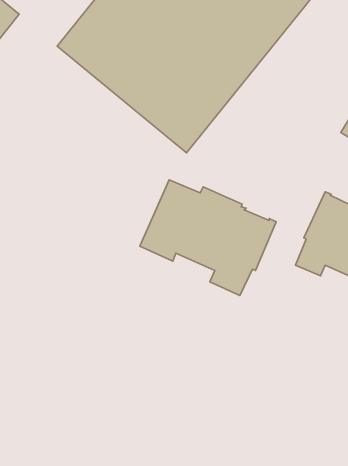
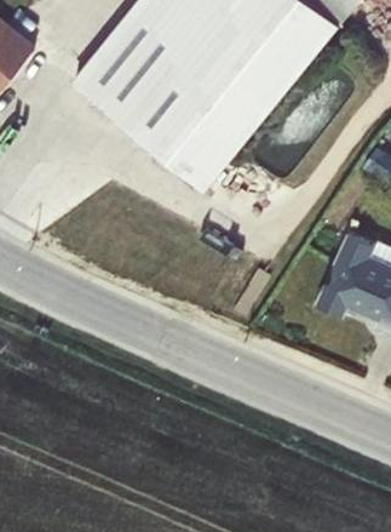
building: [140,180,276,295] -> none

